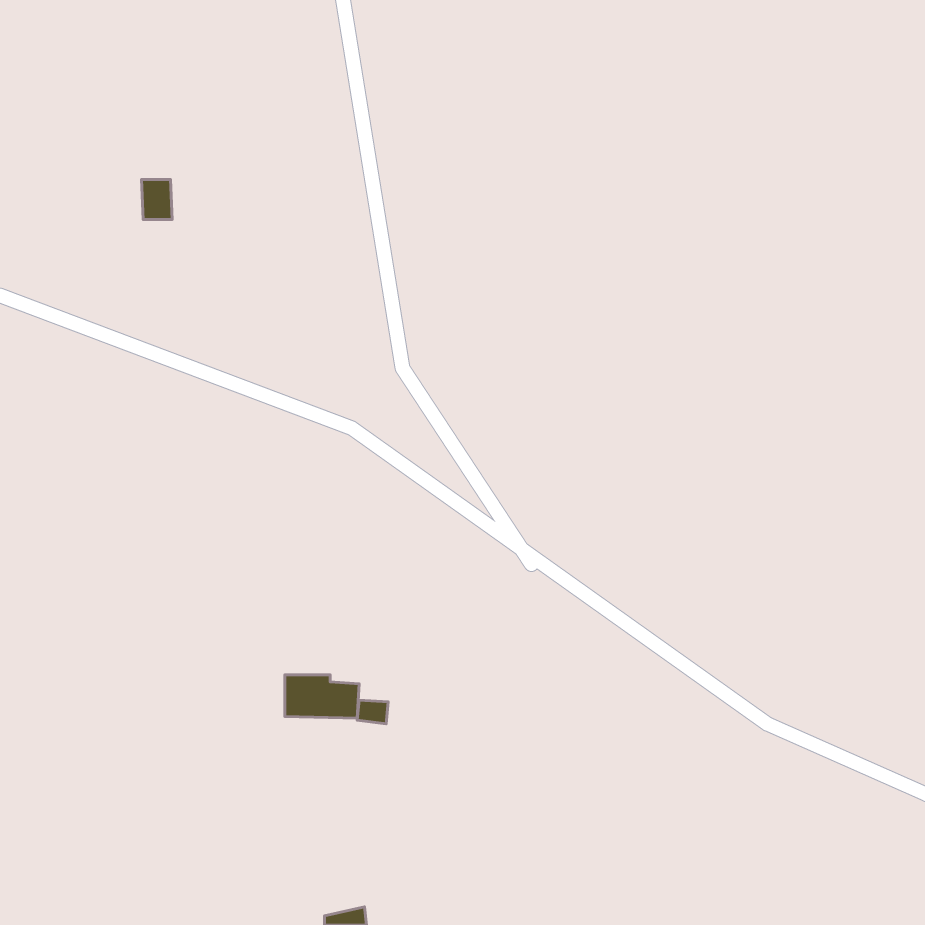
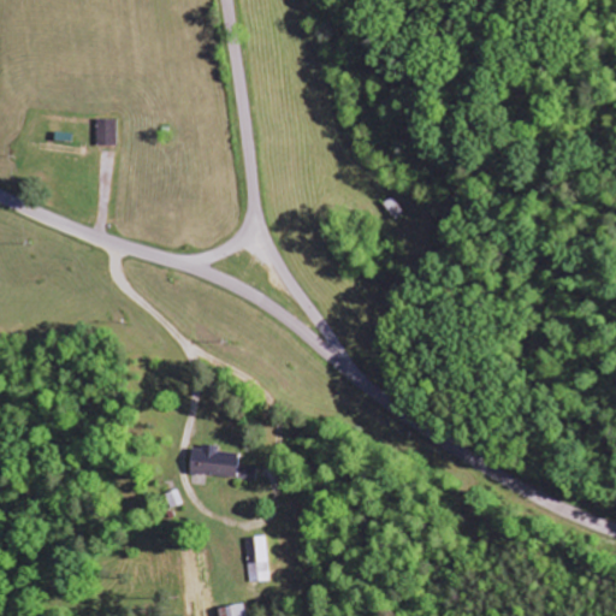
building: none -> [244,537,271,584]

